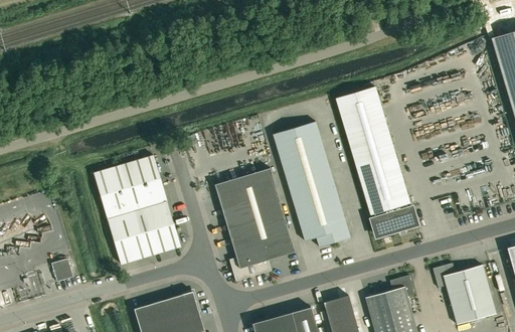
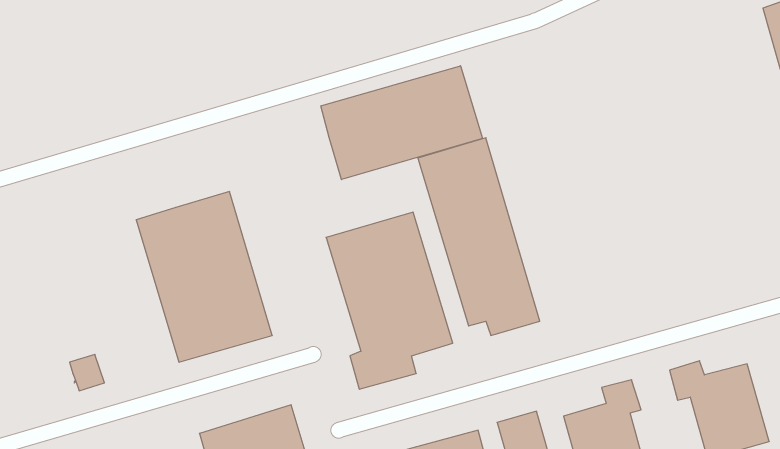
building: none -> [321,66,482,180]
building: [335,87,415,235] -> none

